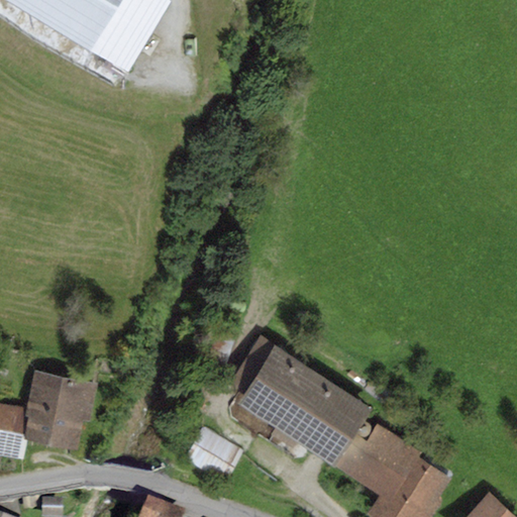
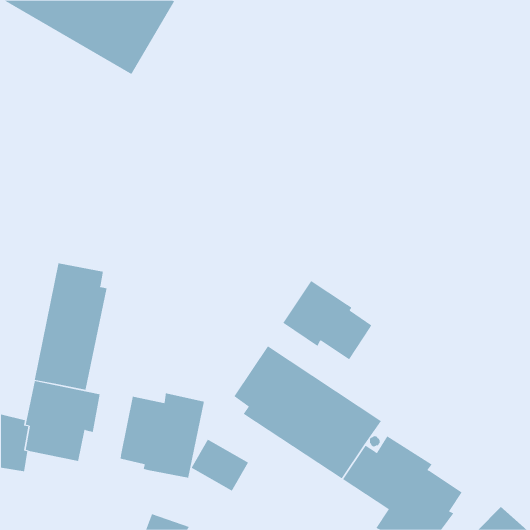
building: none -> [34,262,107,391]
building: none -> [282,280,372,360]
building: none -> [120,393,204,479]

